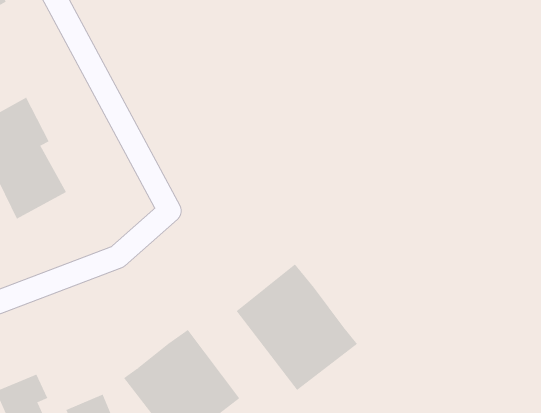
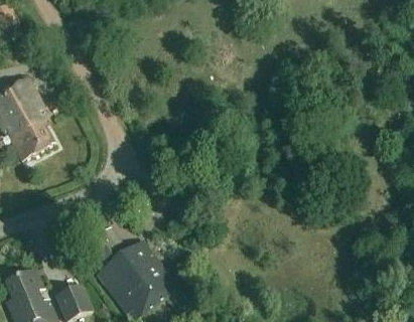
building: [236,263,358,391] -> none

